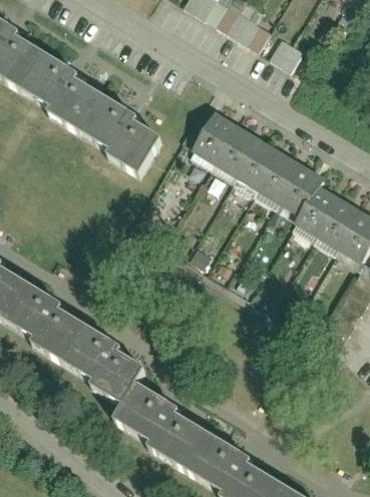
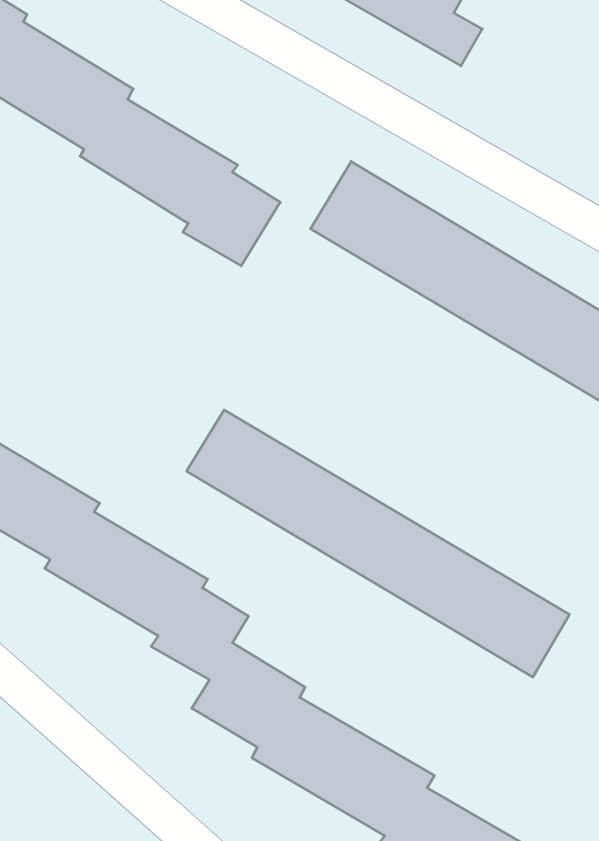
building: [272,40,307,74] -> none
building: none -> [187,410,569,677]

